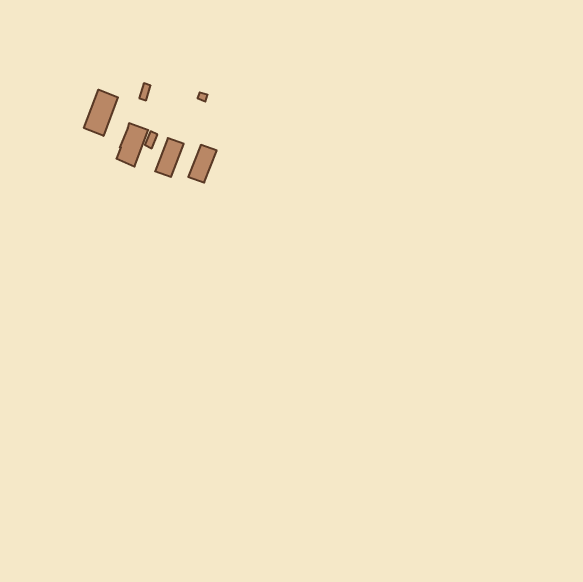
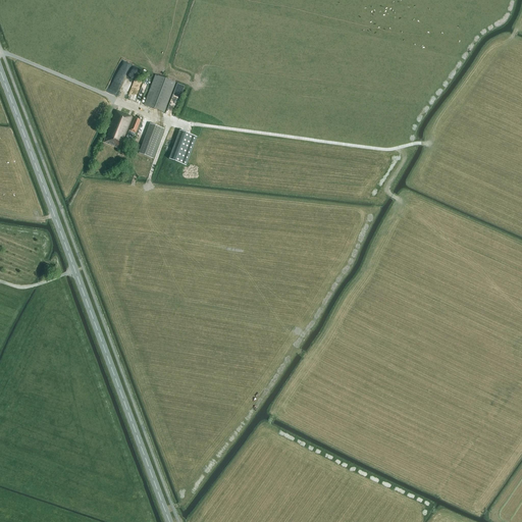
building: none -> [144,74,175,112]
building: [84,90,118,136] -> none

